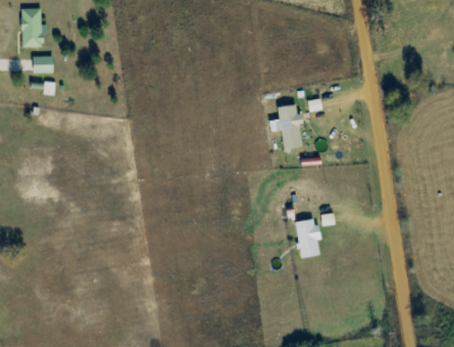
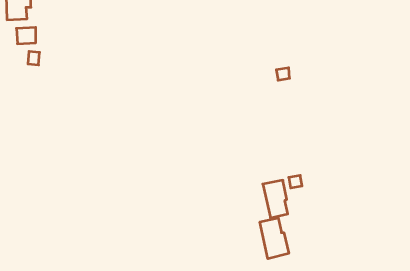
building: [268,104,302,148] -> none
building: none -> [260,218,289,259]

